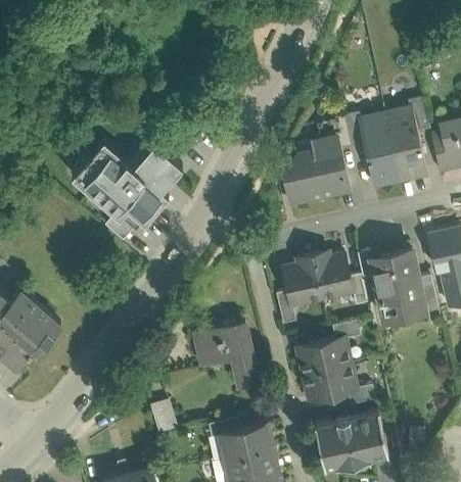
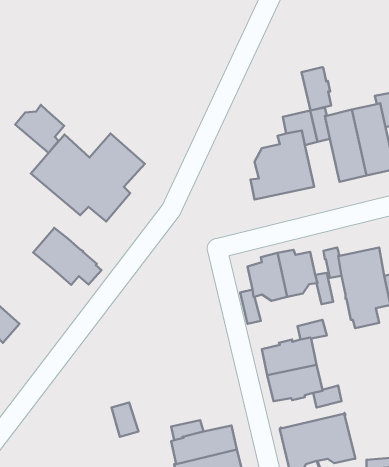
building: none -> [302,67,331,111]
building: none -> [15,105,64,153]
building: none -> [33,228,101,285]
building: [195,324,258,386] -> none

